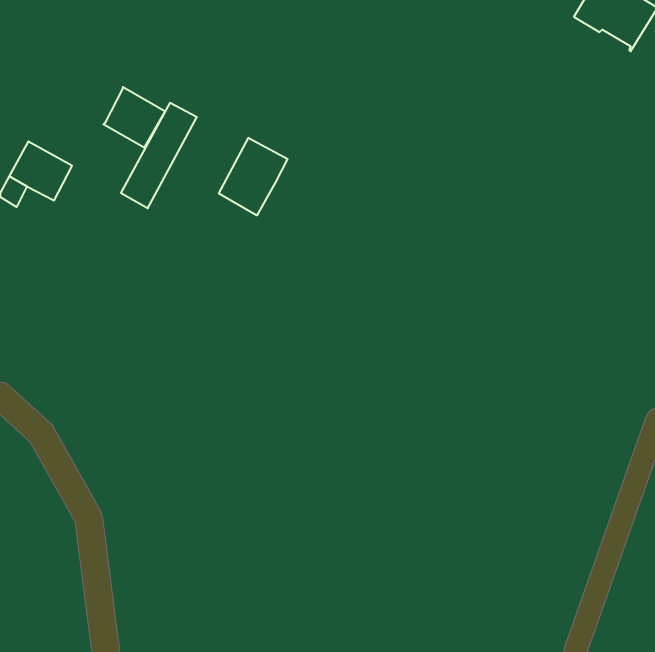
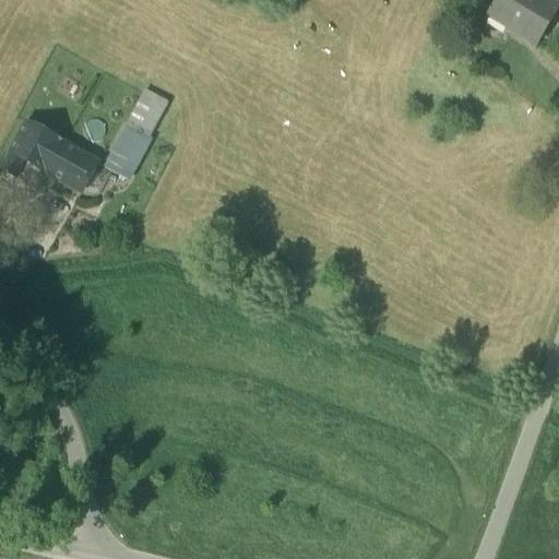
building: [103,87,165,147] -> [47,140,99,191]
building: [219,138,288,215] -> none

